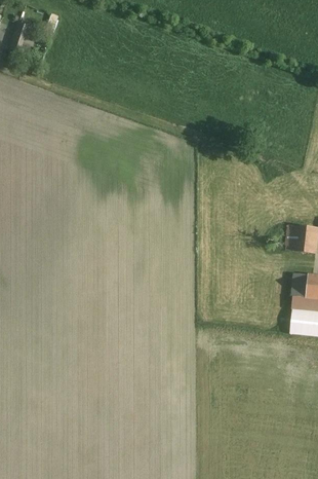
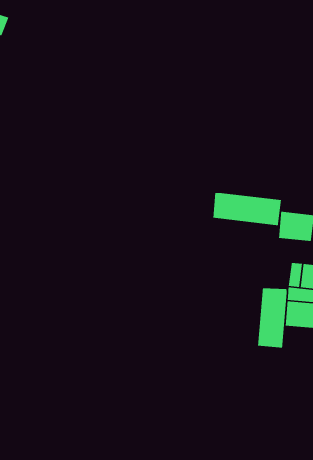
building: none -> [212,192,282,226]
building: none -> [257,287,287,348]

